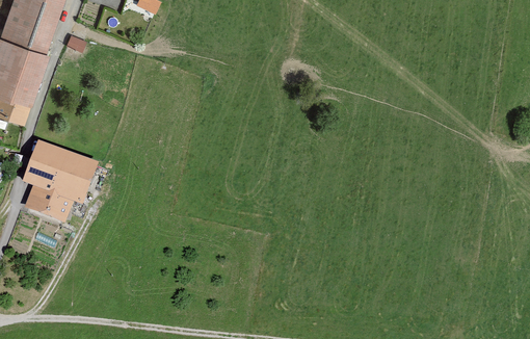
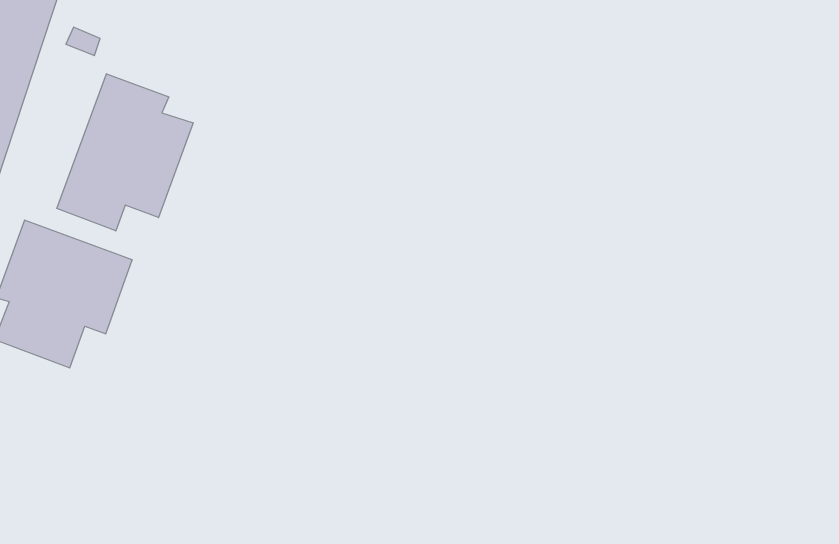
building: none -> [57,74,193,231]

